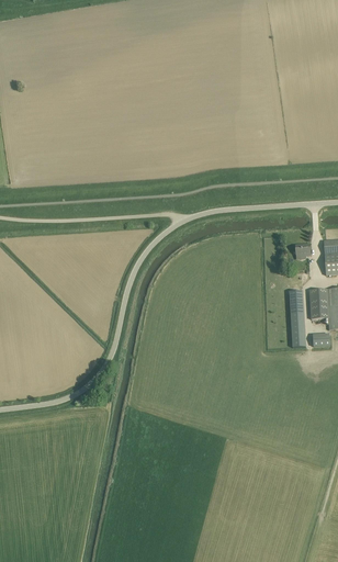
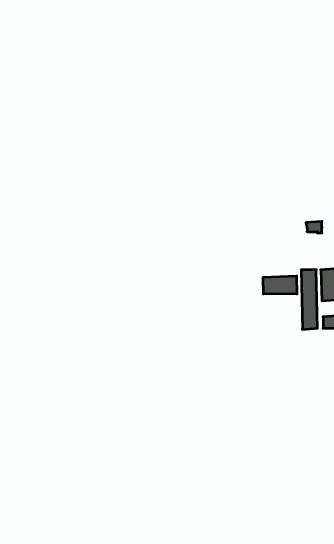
building: none -> [263,276,297,294]

